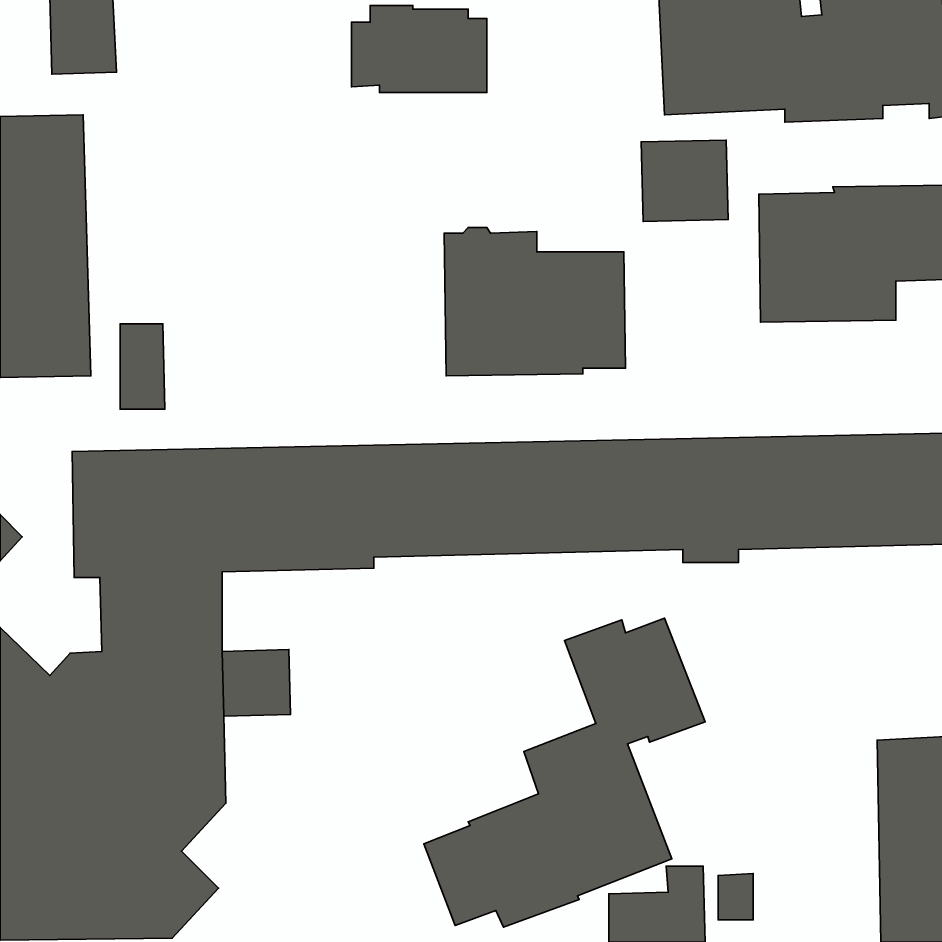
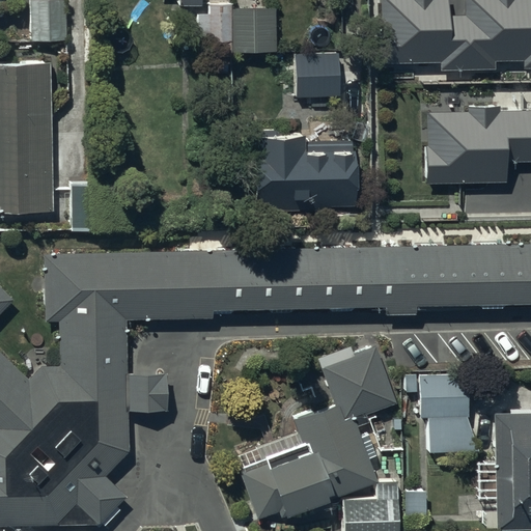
building: [641,140,728,222] -> [291,52,340,97]
building: none -> [419,374,477,453]

